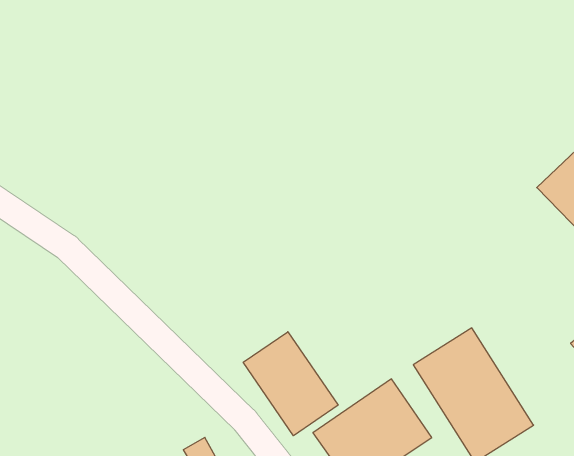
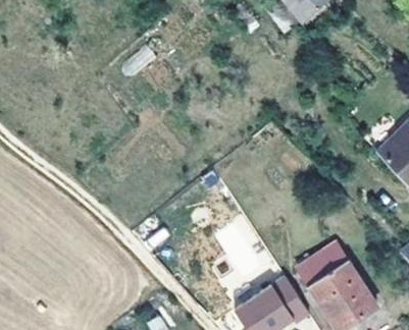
building: [243,332,338,436] -> none

